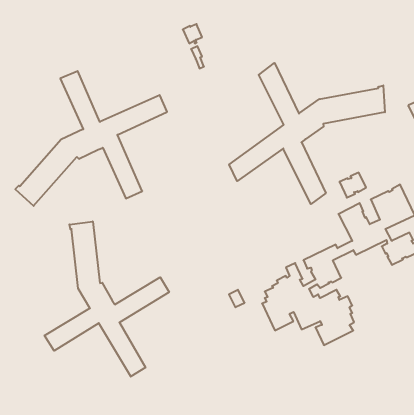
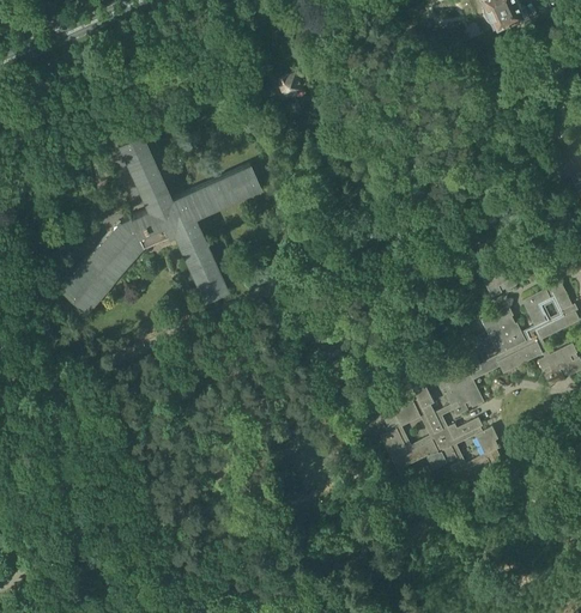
building: [229,63,385,204] -> none
building: [45,221,169,377] -> none

